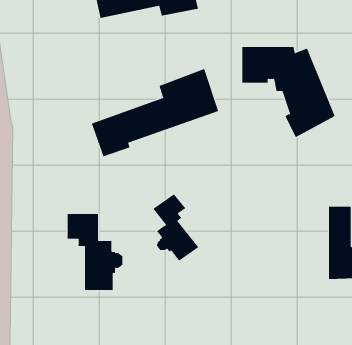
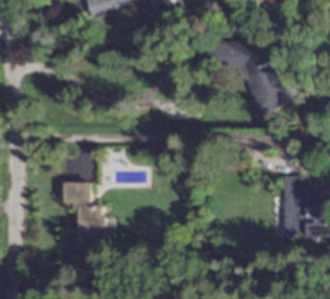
building: [91,68,219,157] -> none
building: [152,193,199,261] -> none

